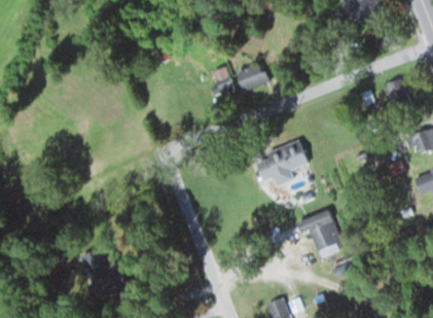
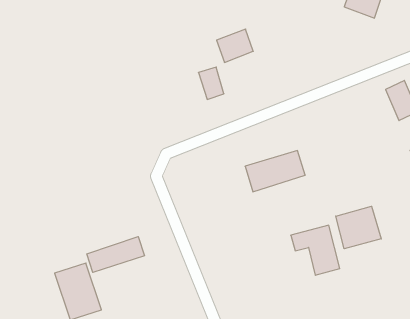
building: [234,62,268,93] -> [217,29,253,62]
building: none -> [336,206,381,249]
building: none -> [87,237,145,272]

